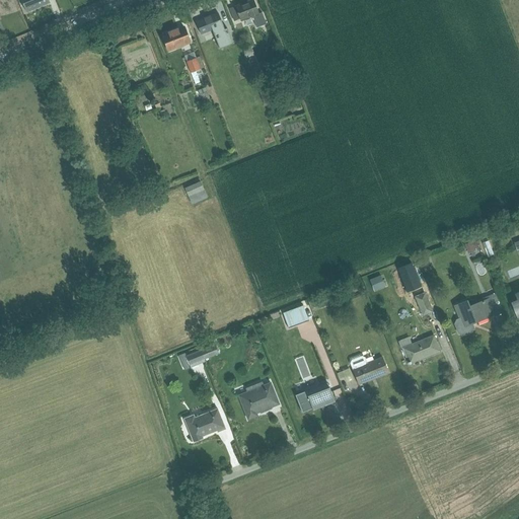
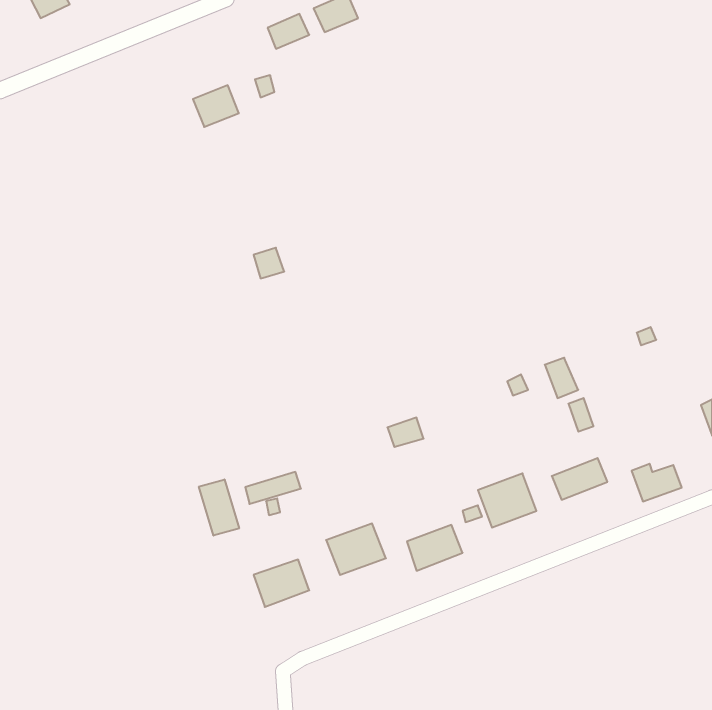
building: [159,23,193,54] -> [193,85,239,127]
building: [455,299,492,326] -> [632,464,682,501]
building: none -> [199,479,239,536]

